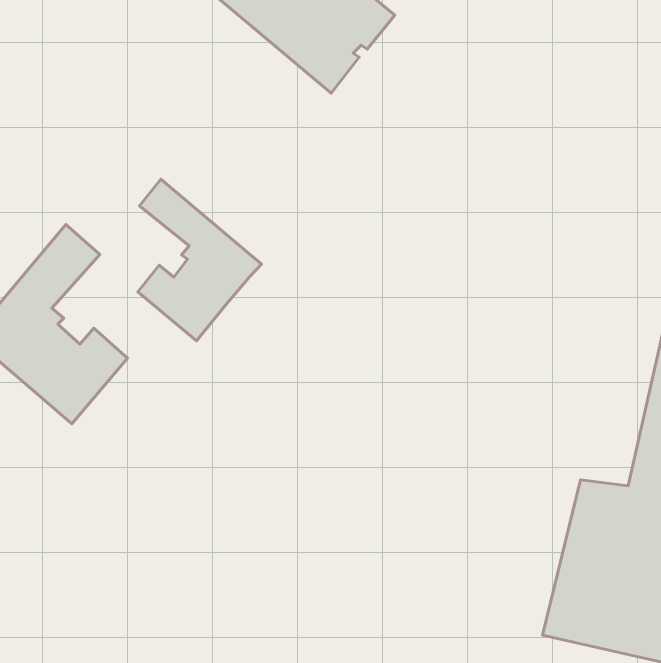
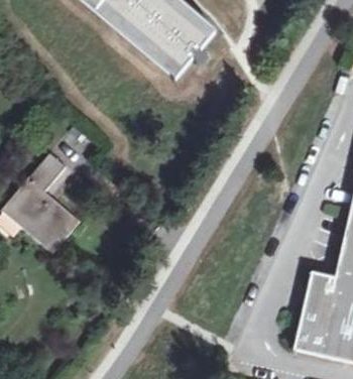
building: [138,179,261,341] -> none

